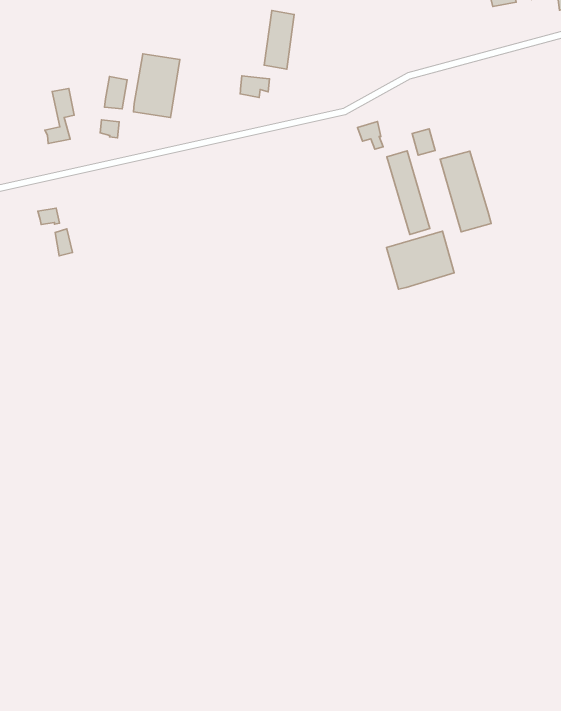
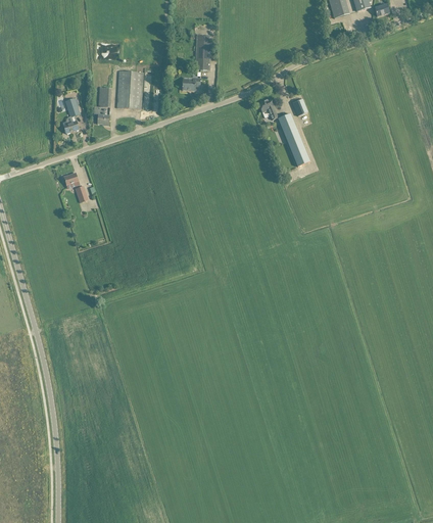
building: [440,151,491,232] -> none
building: [387,231,454,289] -> none

